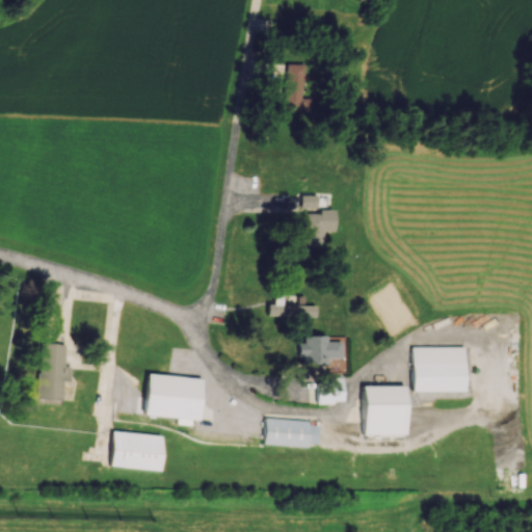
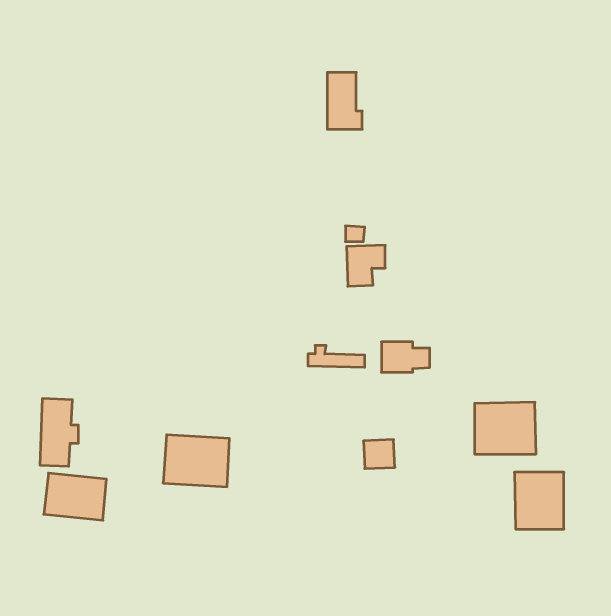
building: [302,337,344,363] -> [381,342,430,372]
building: [364,387,406,435] -> [514,472,564,529]
building: [265,419,321,447] -> none
building: [111,431,165,472] -> [44,473,106,520]

